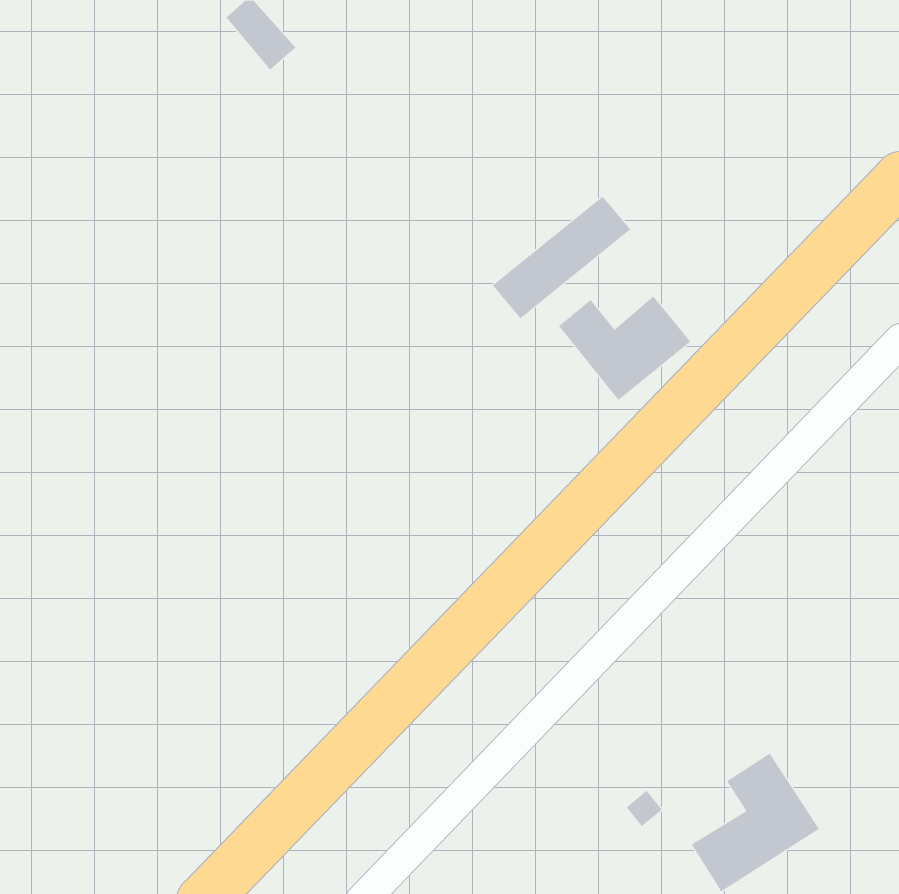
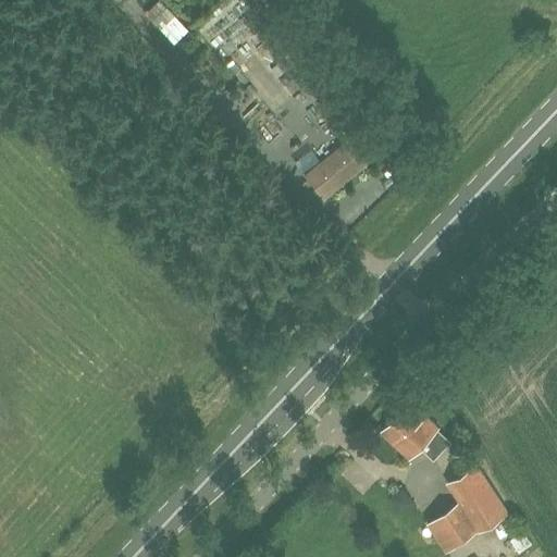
building: [558,296,691,401] -> none
building: none -> [383,406,450,461]

